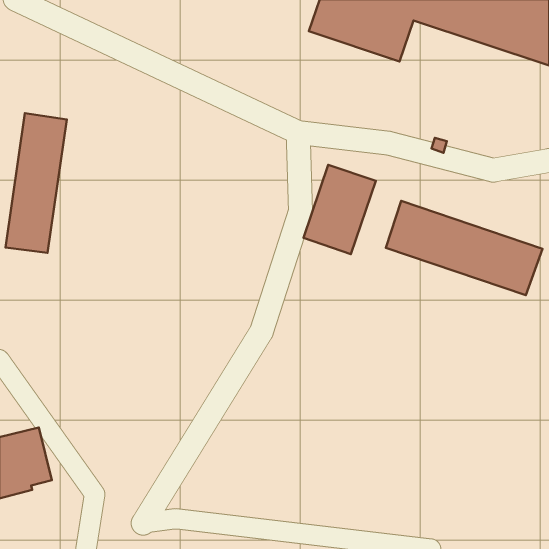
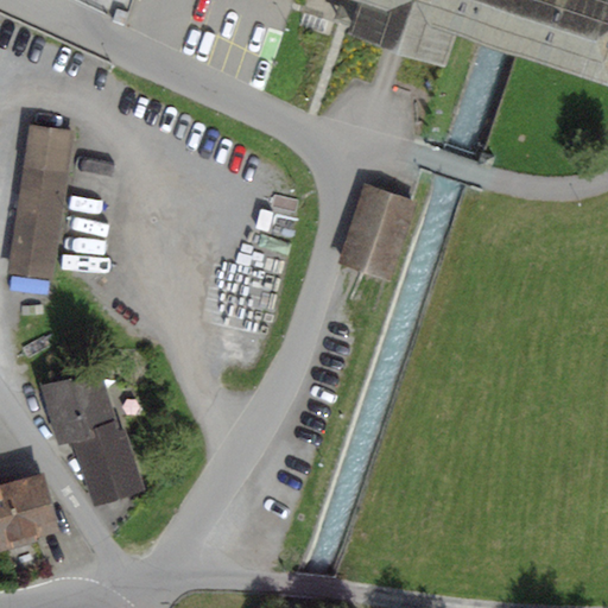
building: [386,201,542,295] -> none
building: none -> [42,368,141,501]

